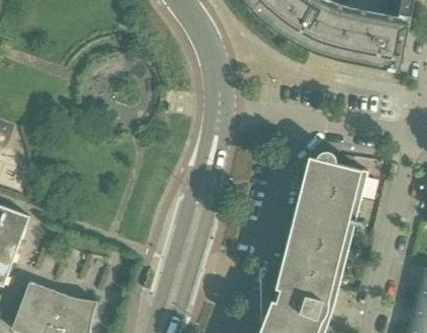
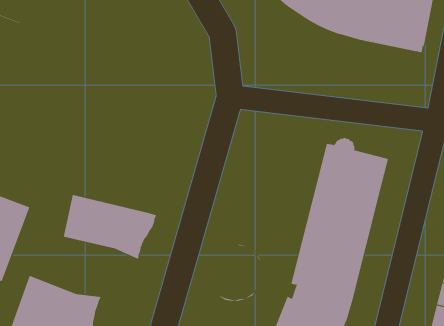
building: none -> [63,194,157,260]

